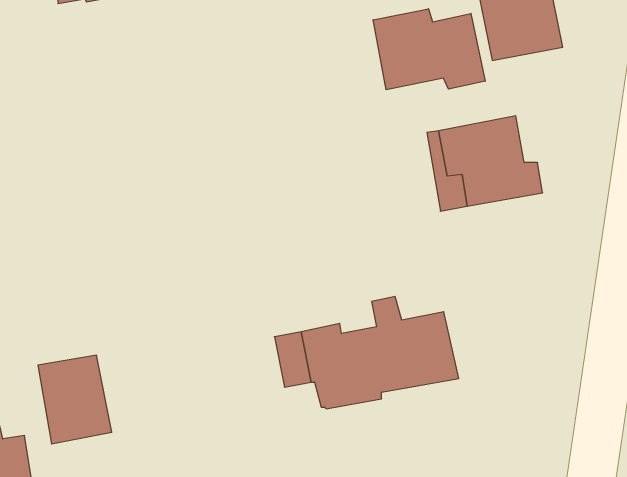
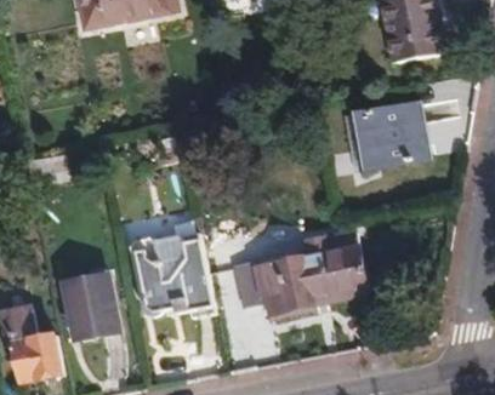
building: [373,9,485,90] -> none
building: none -> [131,231,216,319]

